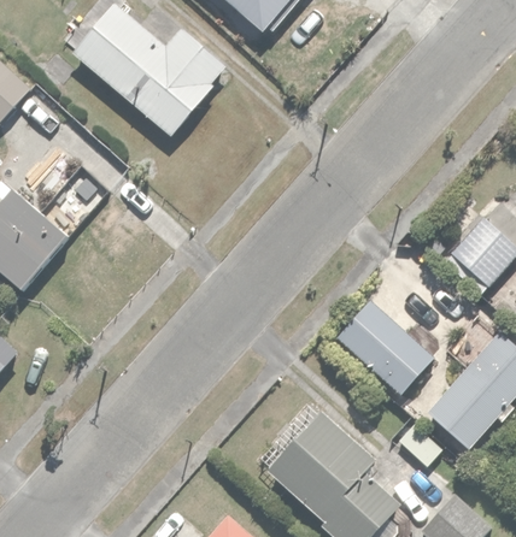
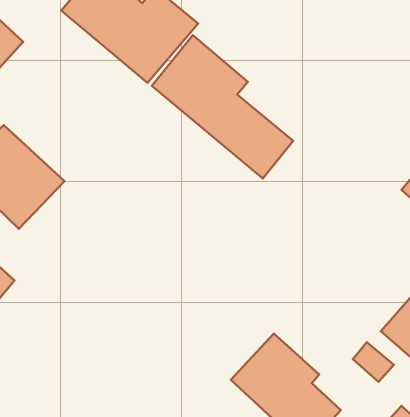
building: none -> [152,35,293,179]
building: [336,296,456,420] -> none

